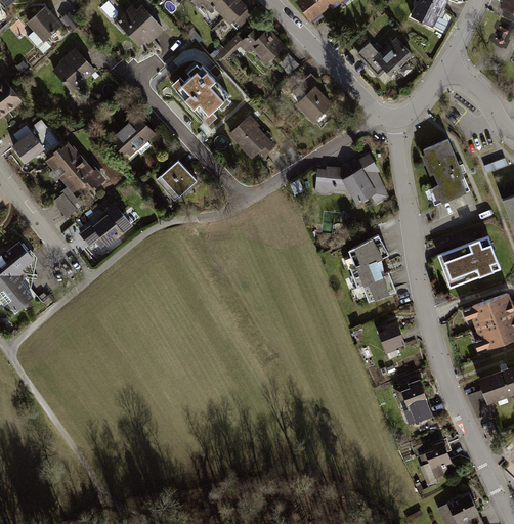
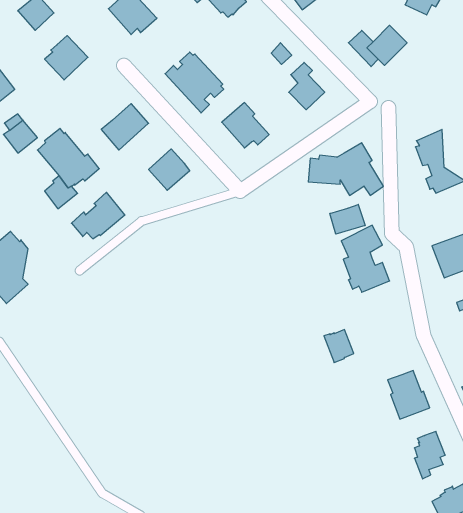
building: [218,28,285,63] -> none
building: none -> [330,204,365,234]
building: [375,321,404,354] -> [324,330,354,363]

